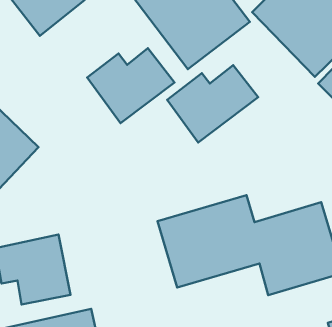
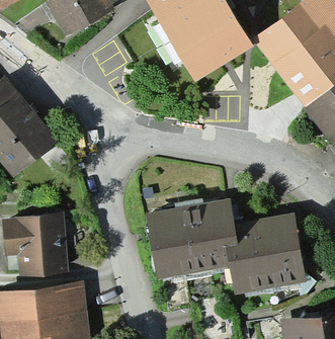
building: [87,48,174,123] -> none
building: [167,65,258,143] -> none

